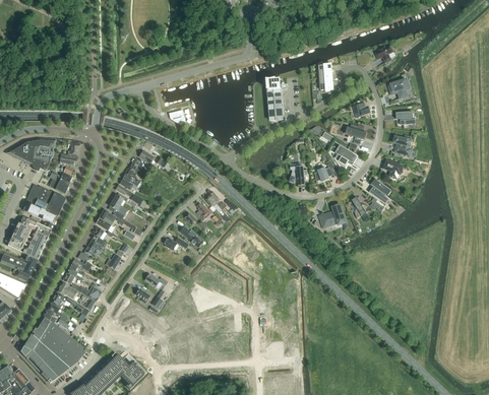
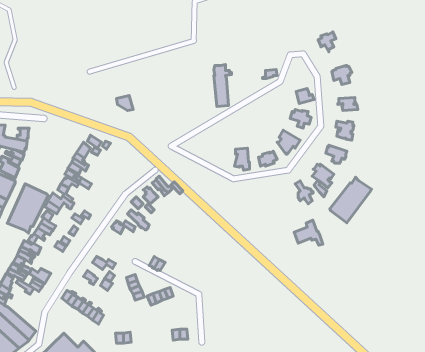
building: none -> [330,177,372,223]
building: none -> [7,184,48,233]
building: [320,203,350,228] -> [294,220,323,245]

